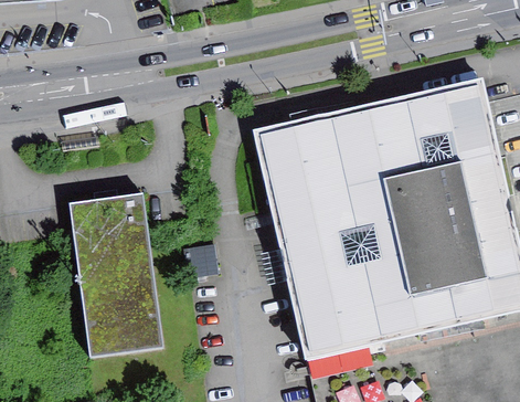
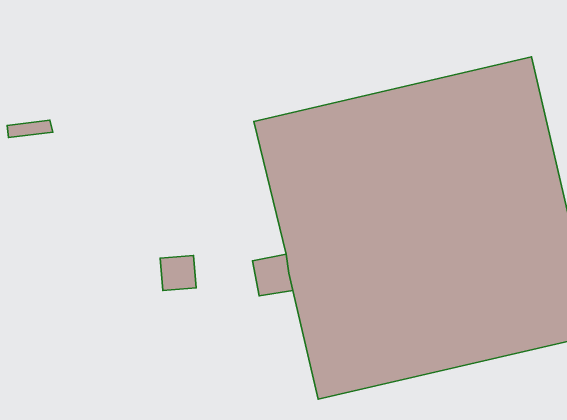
building: [61,192,156,357] -> none

